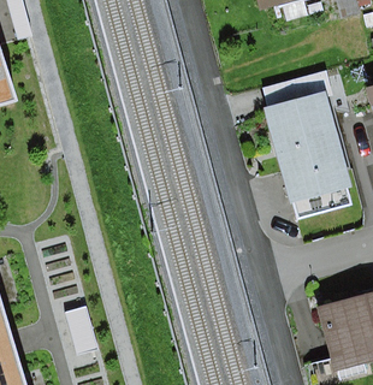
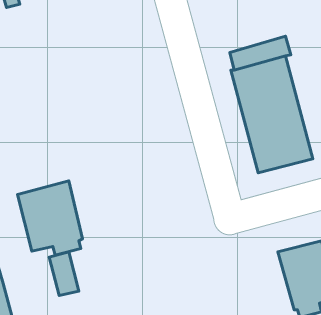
building: none -> [18,181,82,255]

